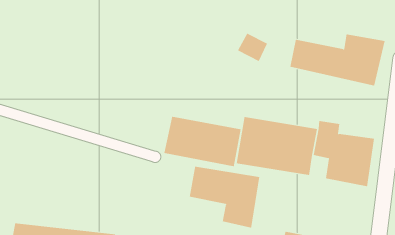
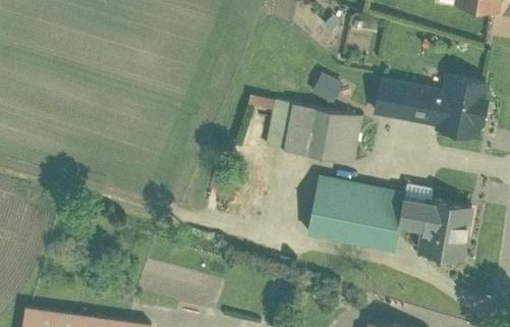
building: [164,116,242,167] -> [268,100,366,164]
building: [189,166,260,229] -> none

